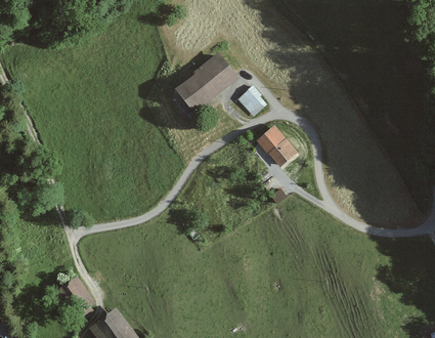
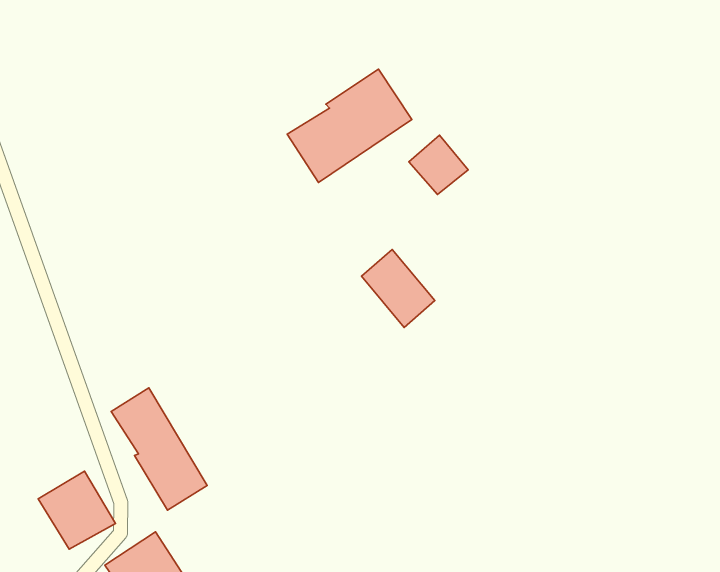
building: [258,126,298,167] -> [361,249,435,327]
building: none -> [111,388,207,510]

